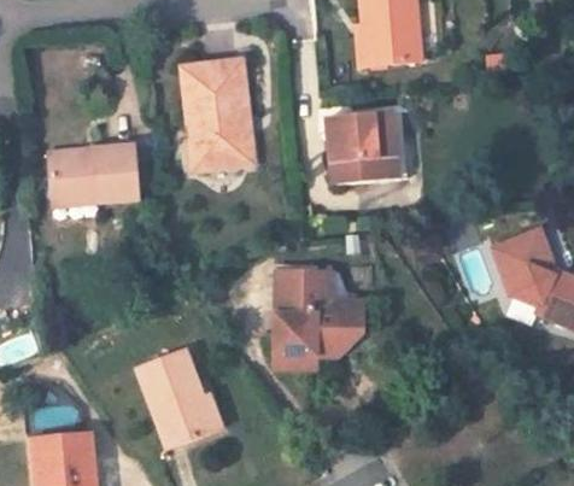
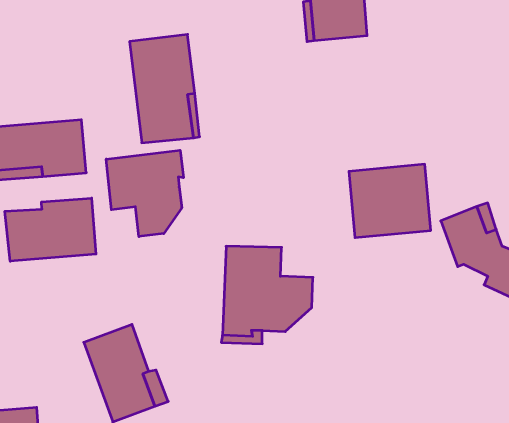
building: [324,110,406,183] -> [349,164,431,238]
building: none -> [106,150,183,237]
building: none -> [5,198,96,261]

